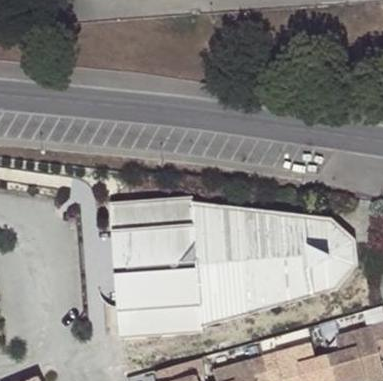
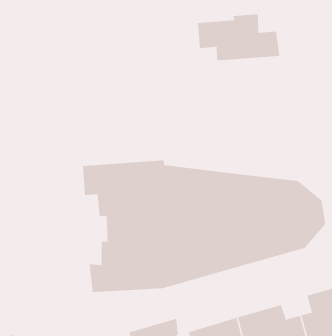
building: none -> [198,14,280,61]
building: [111,234,134,305] -> none

